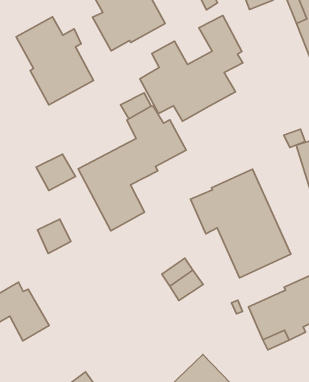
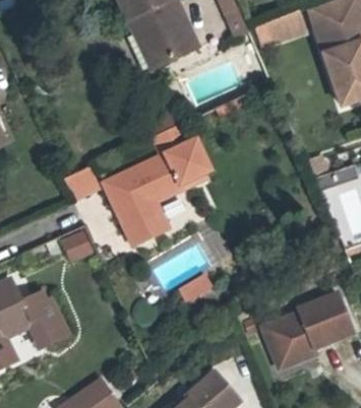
building: [140,15,243,121] -> none
building: [16,17,93,105] -> none
building: [190,169,291,278] -> none

